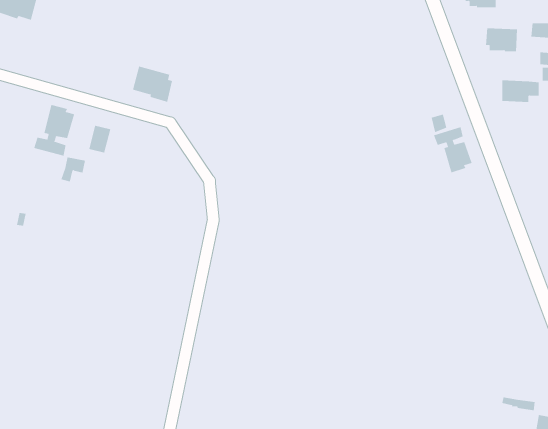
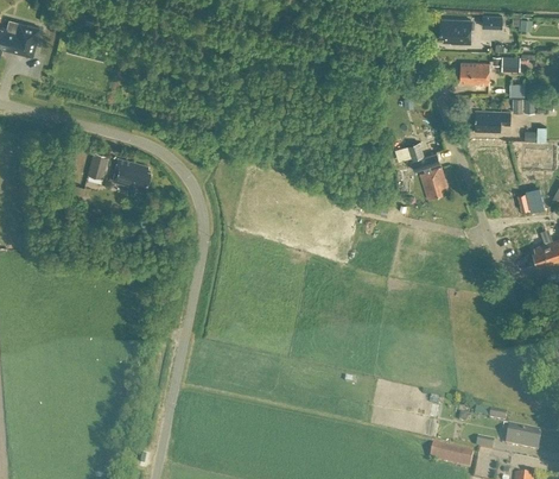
building: [132,66,173,102] -> [112,156,150,190]
building: [33,104,75,157] -> none

